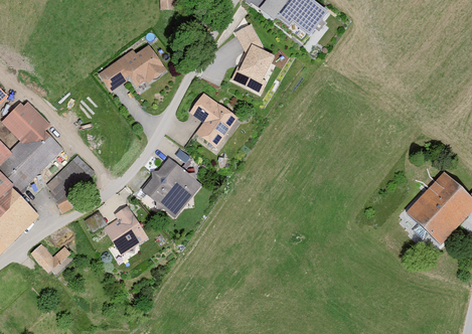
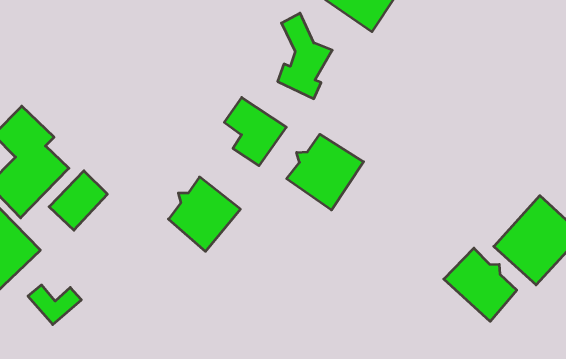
building: [98,43,166,92] -> none
building: none -> [287,134,364,210]
building: [85,205,147,254] -> none
building: none -> [444,248,517,321]

